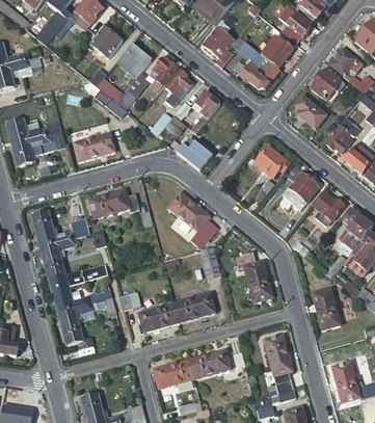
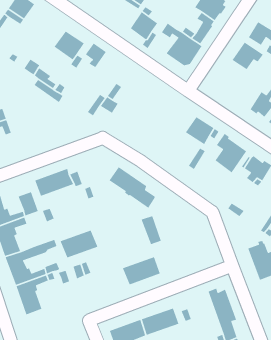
building: [90,27,122,58] -> none
building: [165,71,192,107] -> none
building: [190,91,220,134] -> none
building: [296,96,328,130] -> none
building: [73,131,114,162] -> none
building: [181,137,207,171] -> none
building: [234,253,272,301] -> none
building: [137,302,179,332] -> [60,230,99,259]

